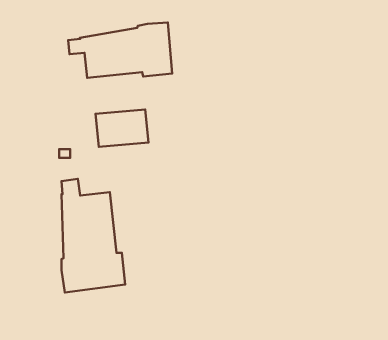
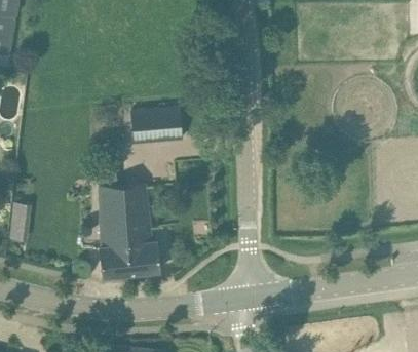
building: [68,22,172,78] -> none

